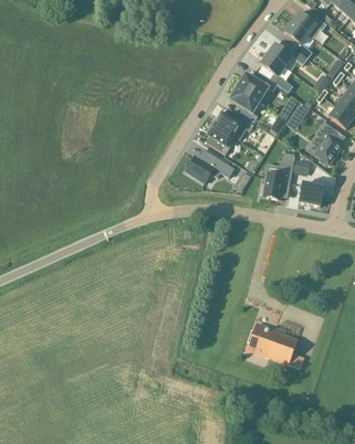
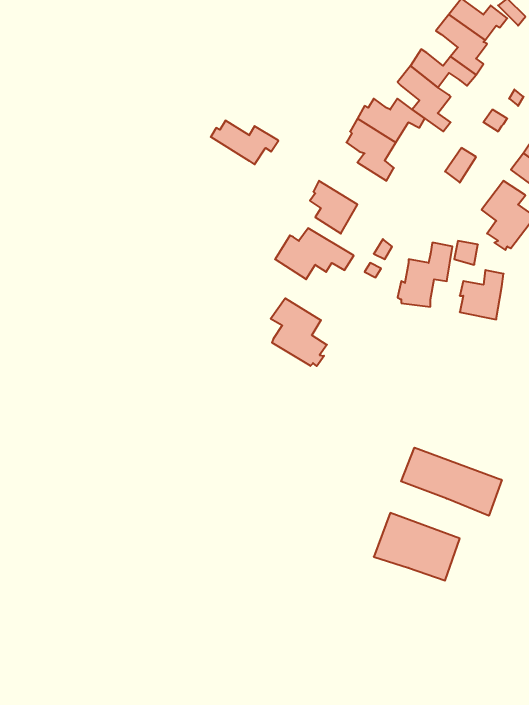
building: [212,112,253,138] -> [211,121,278,164]
building: none -> [271,298,327,366]
building: none -> [401,448,502,516]

